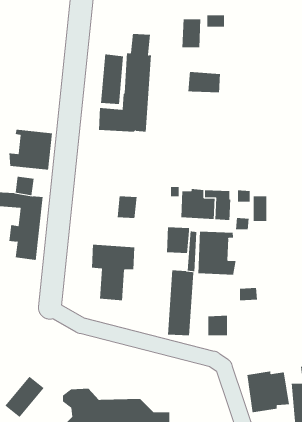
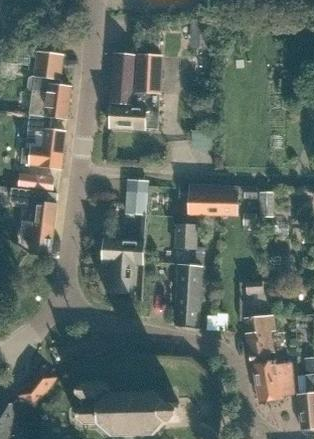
building: none -> [27,51,71,118]
building: [188,71,221,93] -> none
building: [198,231,236,275] -> none
building: none -> [244,316,274,366]

